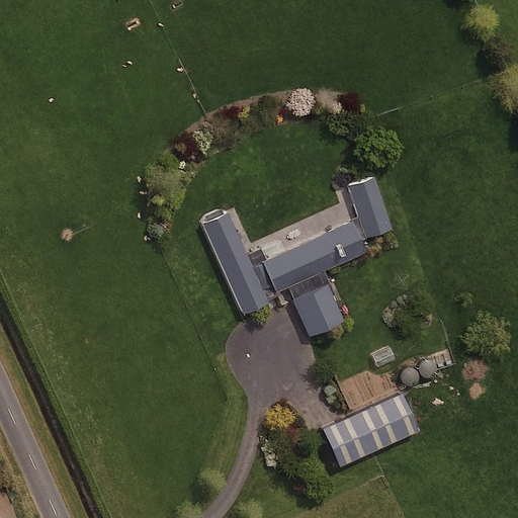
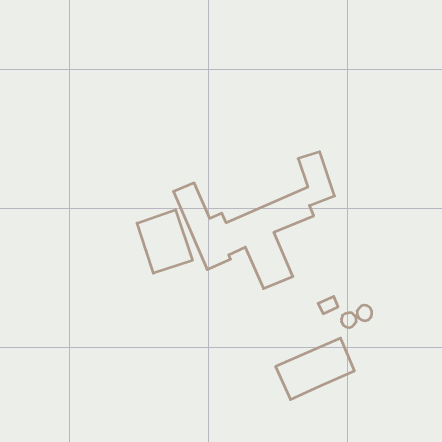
building: none -> [137,210,192,273]

